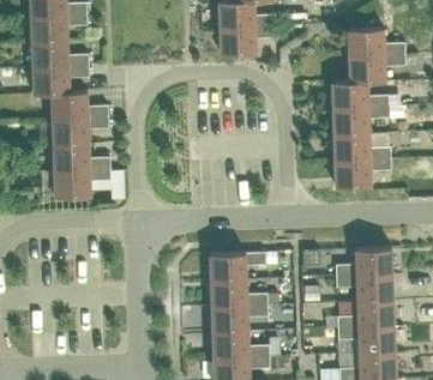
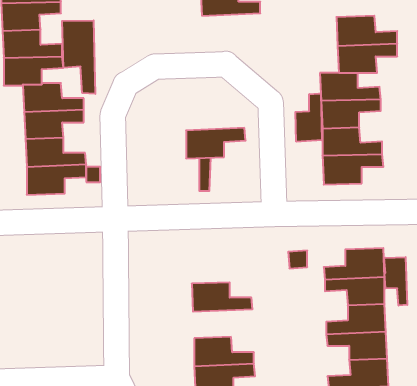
building: [219,25,276,54] -> [186,128,246,158]
building: none -> [62,20,95,94]
building: none -> [295,93,322,142]
building: [209,252,266,281] -> none
building: none -> [384,257,407,306]
building: [211,304,267,332] -> none

